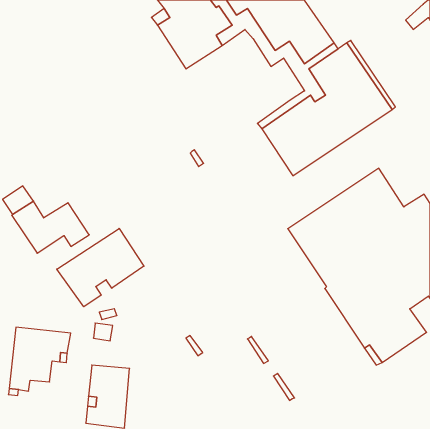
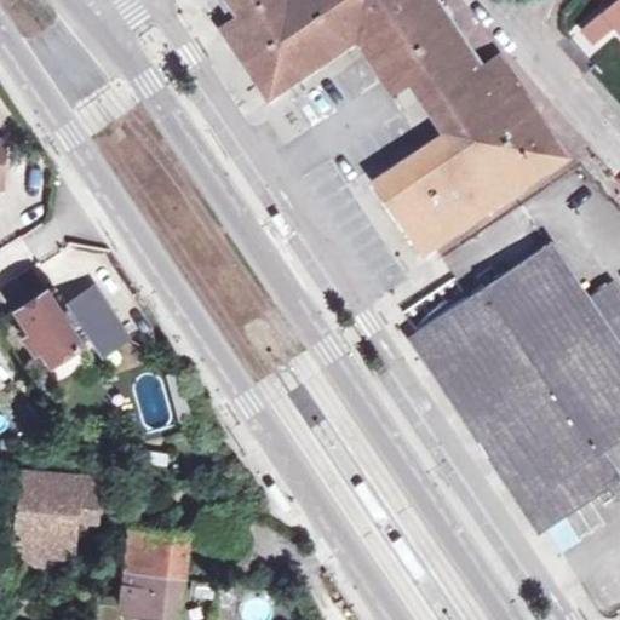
building: [57,228,144,307] -> none

